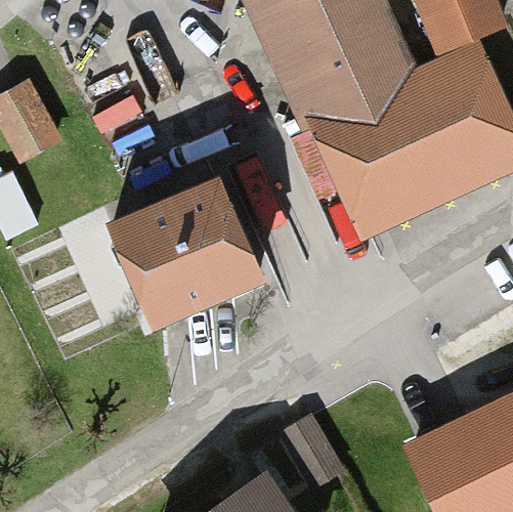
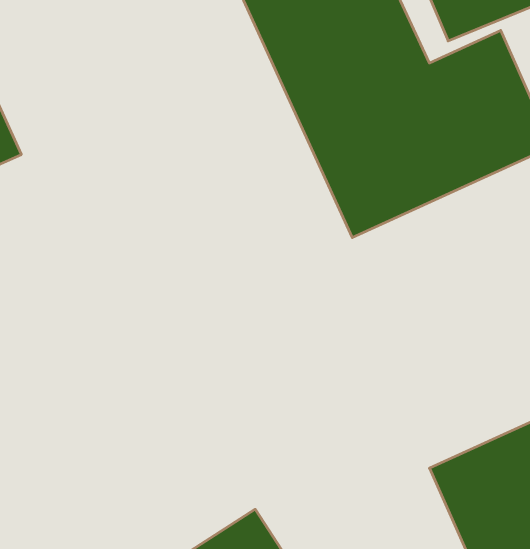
building: [108,173,251,309] -> none

